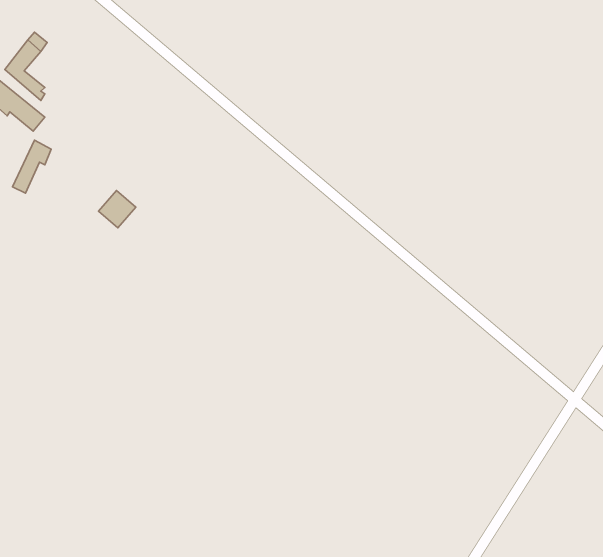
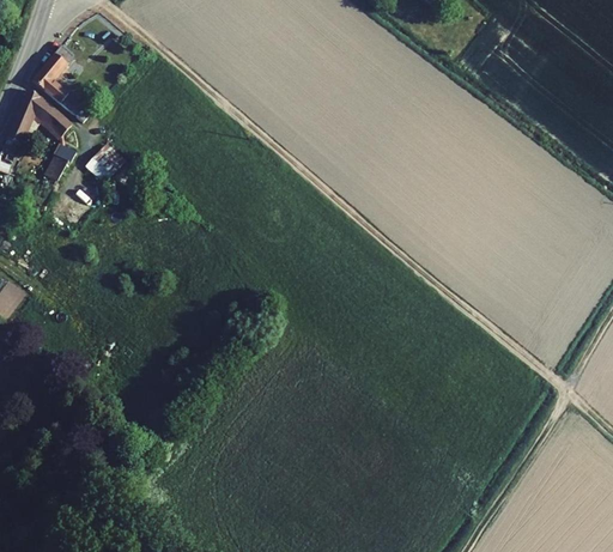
building: [99,190,136,228] -> [85,141,120,176]

